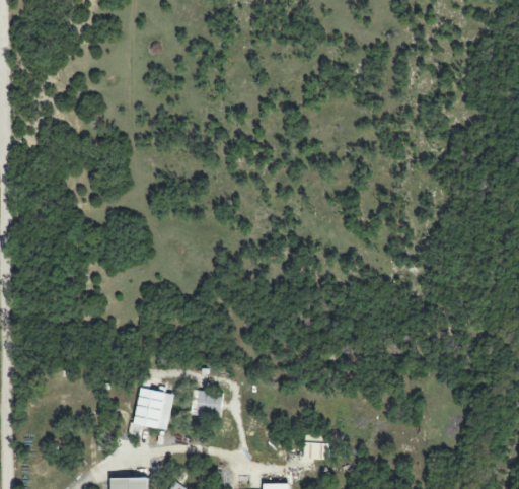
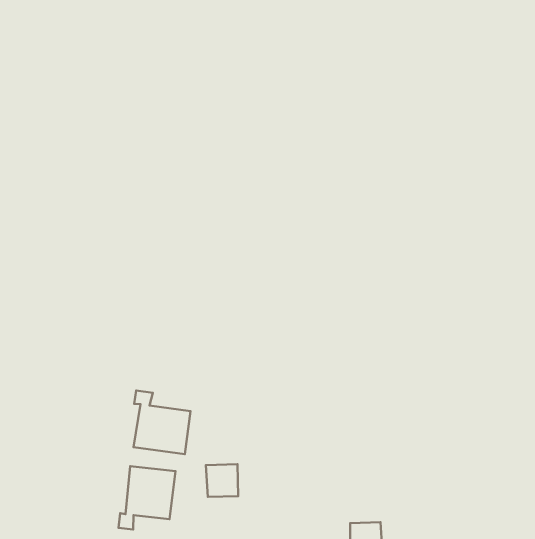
building: none -> [134,391,190,454]

